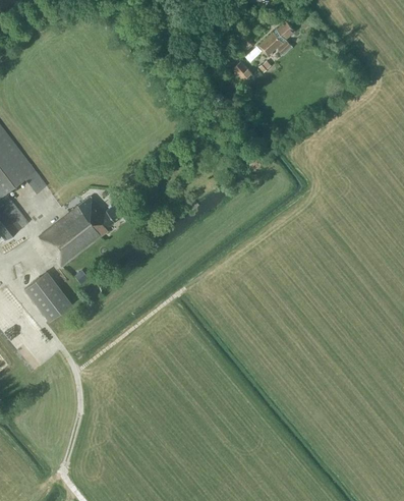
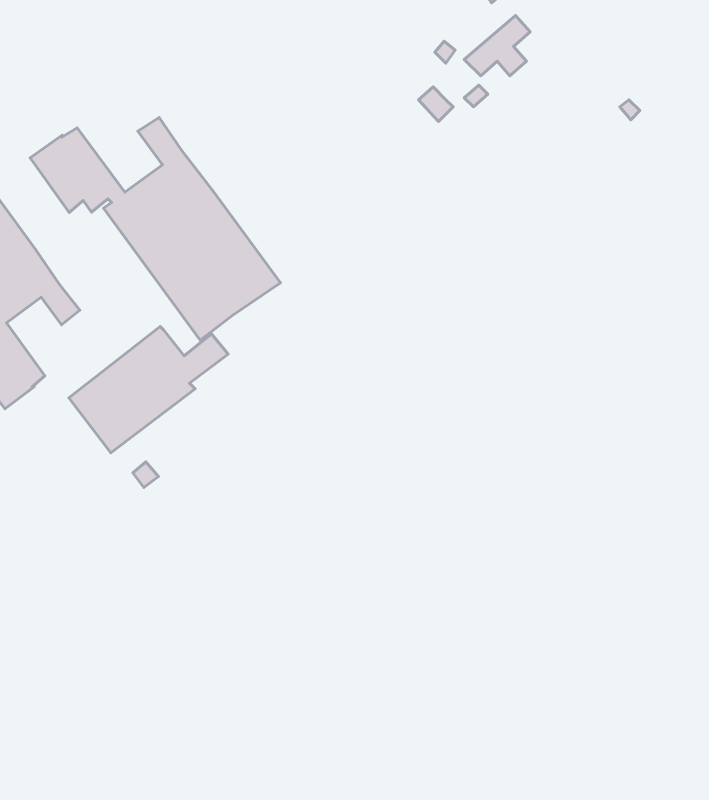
building: none -> [30,117,281,340]
building: [24,270,71,320] -> none

